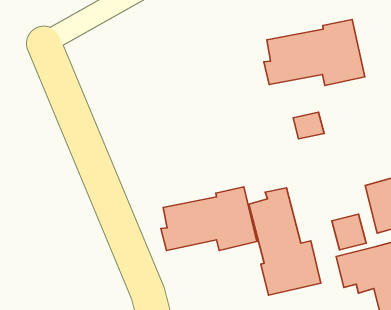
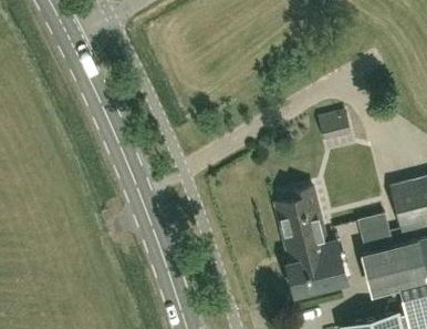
building: [264,20,365,85] -> none
building: [161,187,257,250] -> none

